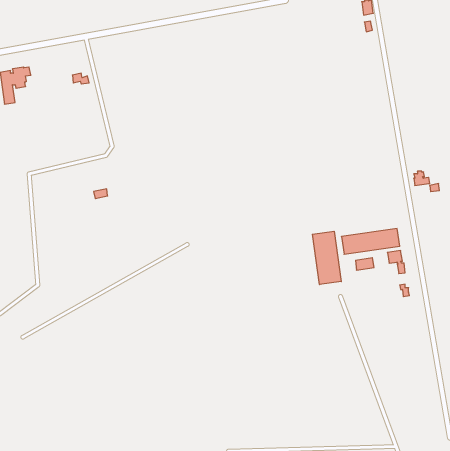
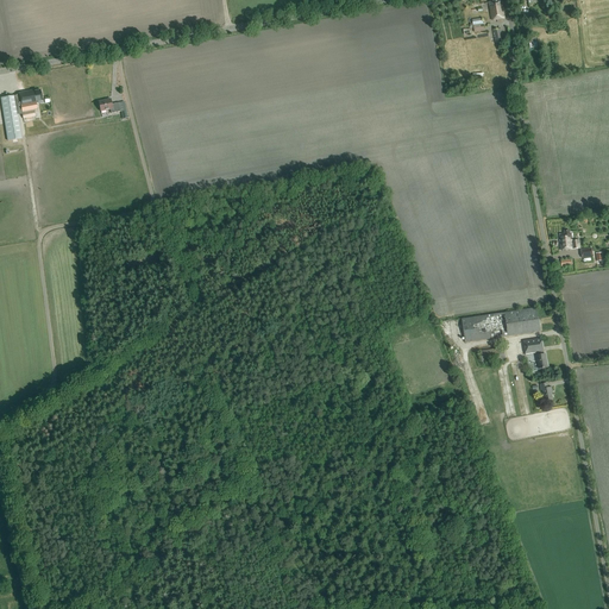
building: [312,231,341,285] -> none

